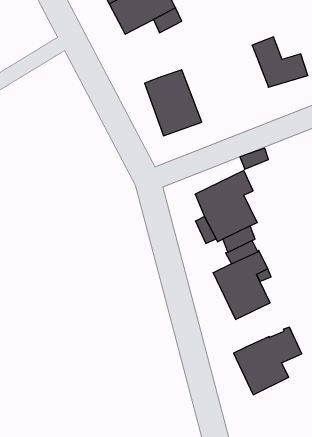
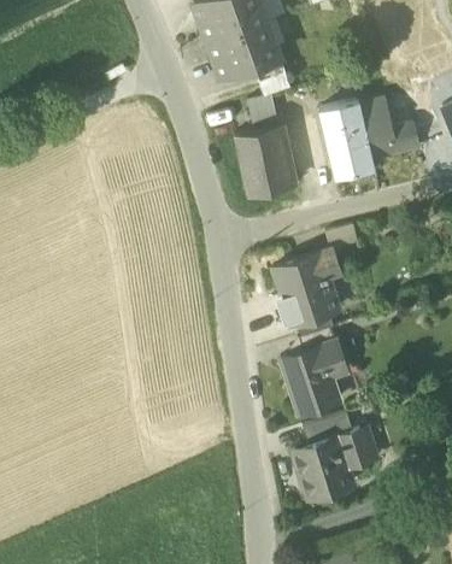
building: none -> [321,104,375,180]
building: none -> [248,98,278,131]
building: none -> [303,415,353,446]

